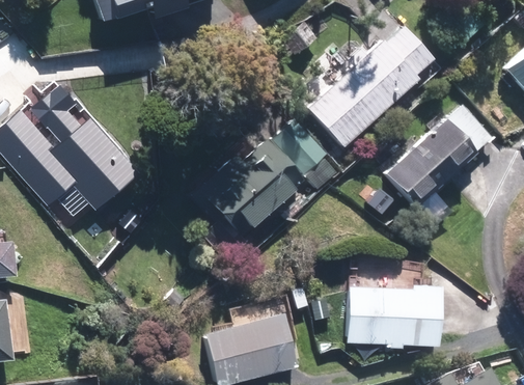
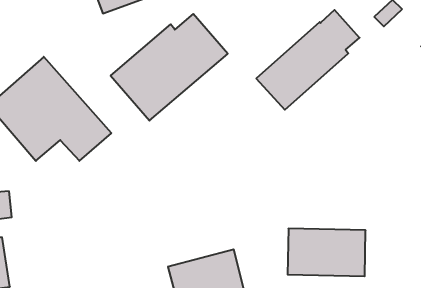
building: [387,104,492,202] -> none
building: [193,118,333,246] -> [111,14,228,121]

